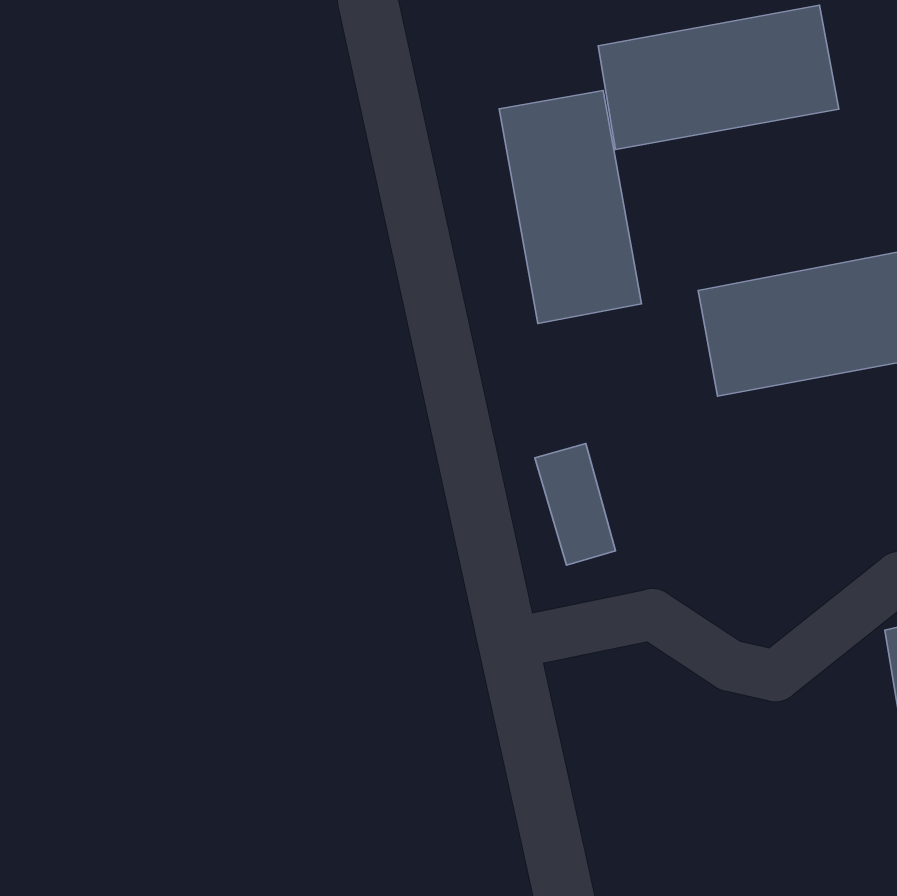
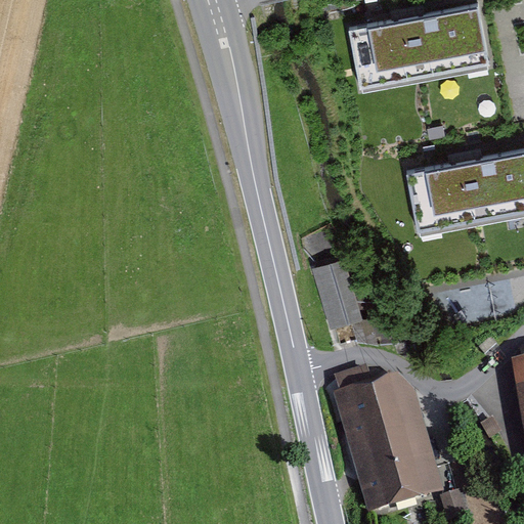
building: [499,90,641,324] -> none
building: none -> [334,376,444,514]

